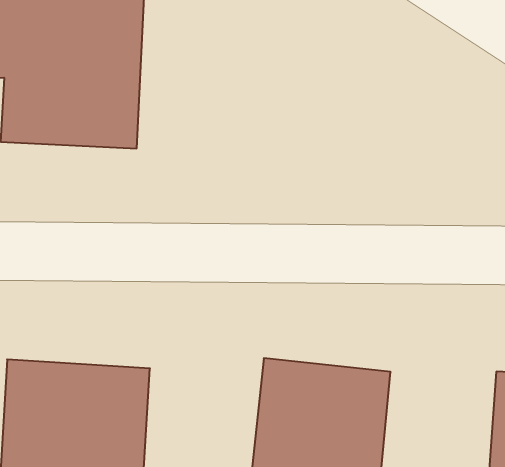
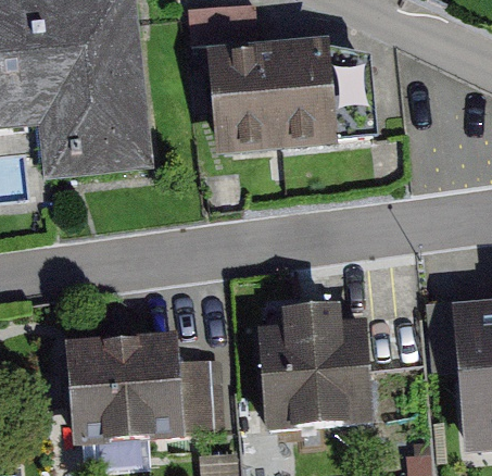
building: none -> [215,37,338,149]

